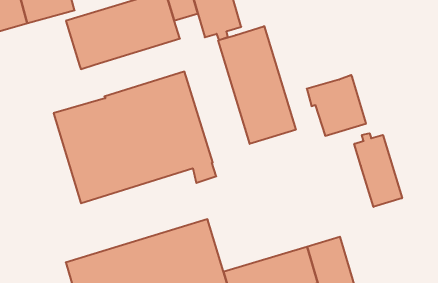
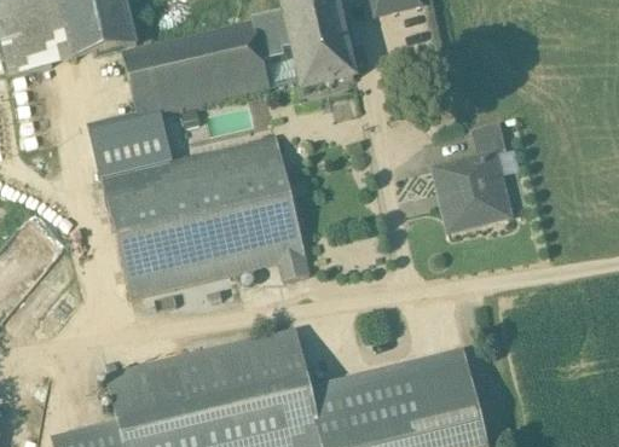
building: [218,26,296,144] -> none
building: none -> [472,122,507,156]
building: none -> [89,118,170,179]
building: [354,133,402,207] -> none

